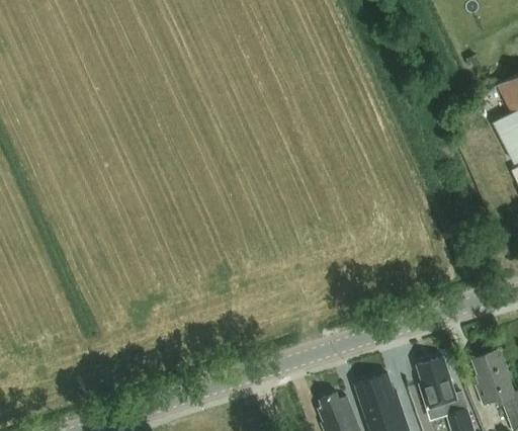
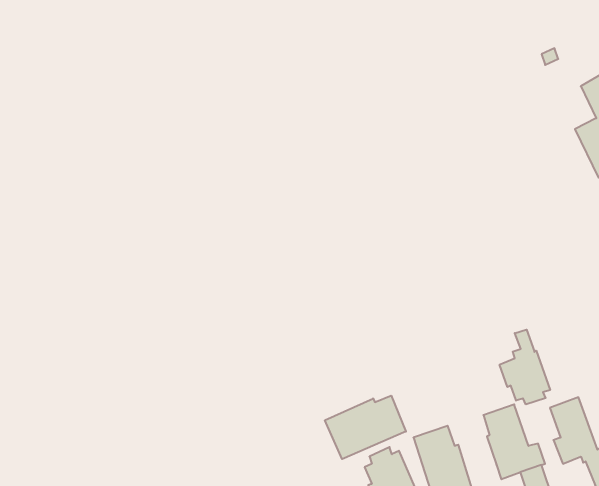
building: none -> [500,330,550,404]
building: none -> [325,396,406,459]

